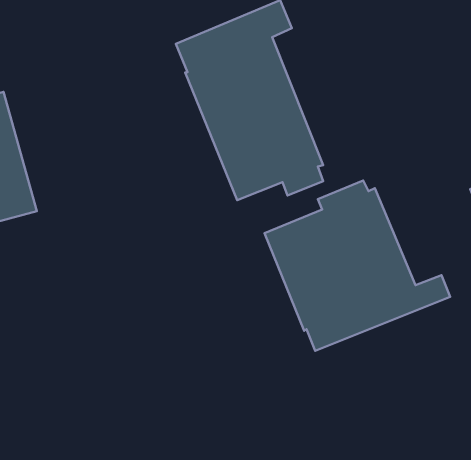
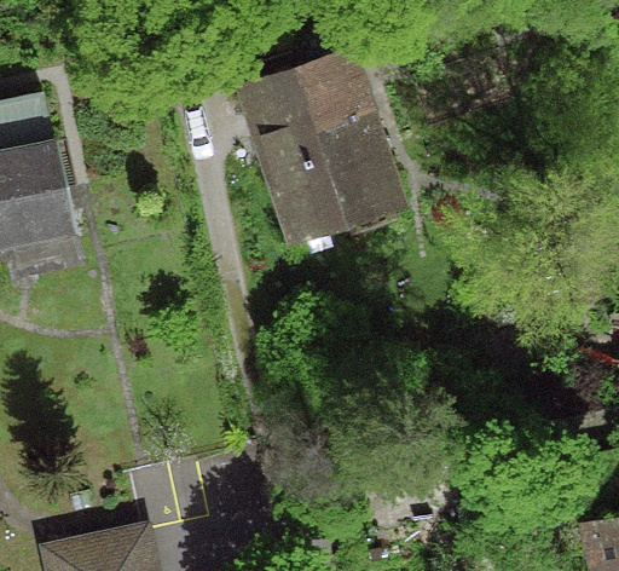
building: [265,181,450,351] -> none

